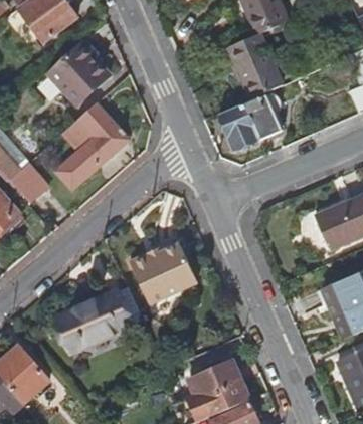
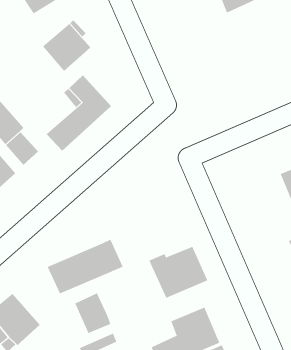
building: [225,34,281,99] -> none
building: [219,95,281,152] -> none
building: [130,244,196,302] -> [149,246,208,298]
building: none -> [75,292,111,334]

